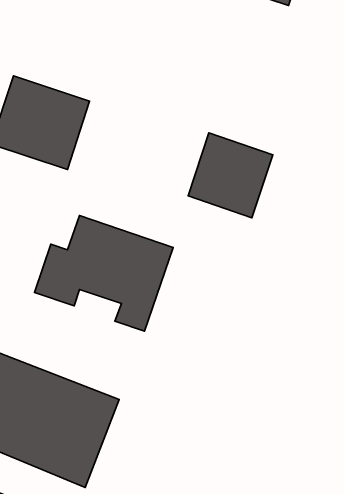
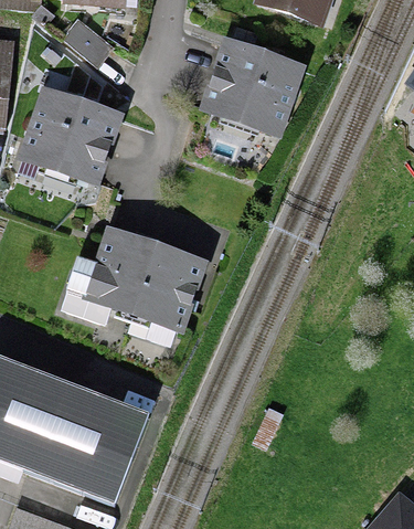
building: none -> [63,20,108,63]
building: [188,133,273,218] -> [211,46,296,131]

